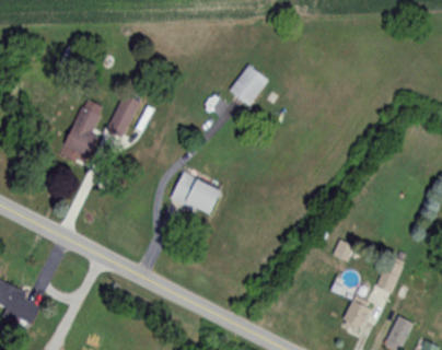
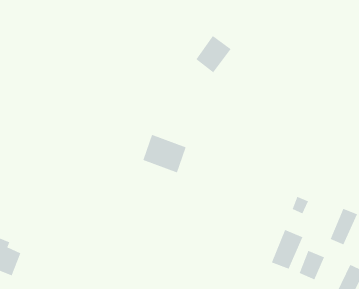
building: [106,93,142,138] -> none
building: [60,96,105,156] -> none
building: none -> [271,229,303,270]

